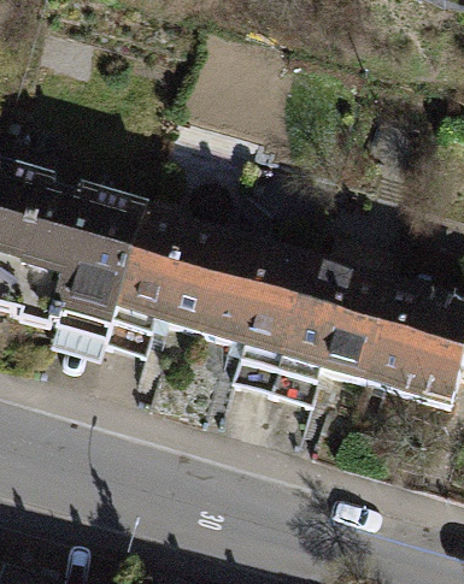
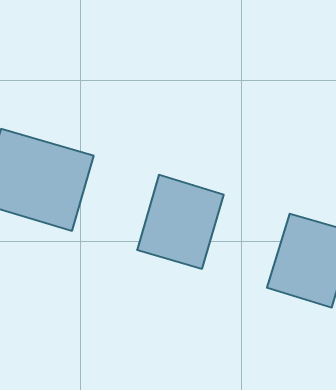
building: [99,210,215,335] -> none
building: [272,261,389,385] -> none

